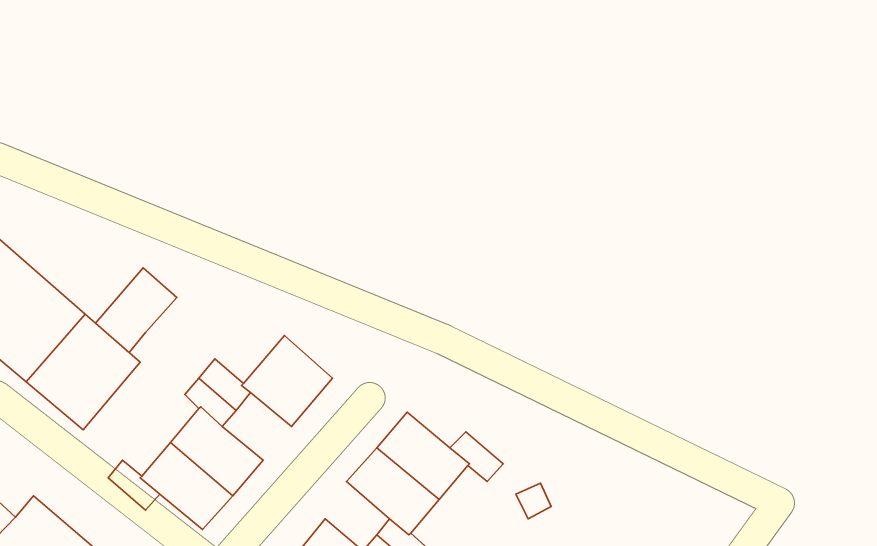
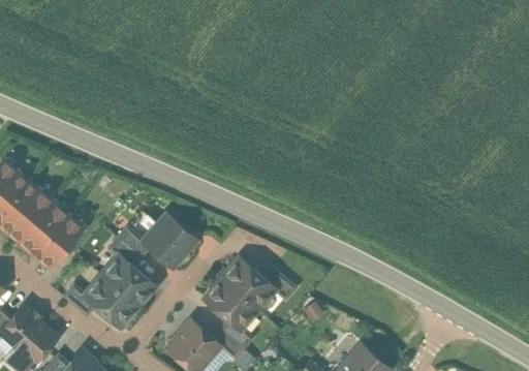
building: [96,268,177,352] -> none

